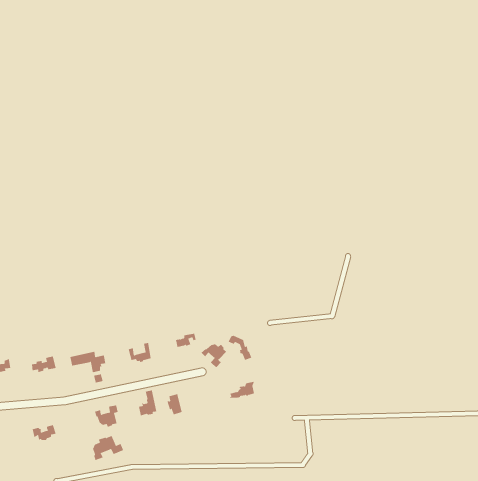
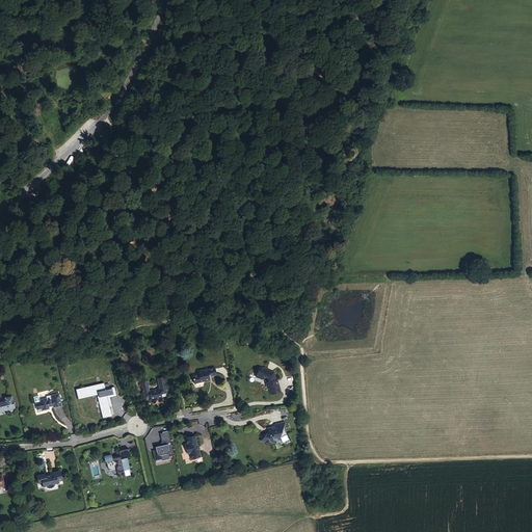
building: [201,343,227,368] -> none
building: [92,435,124,461] -> none

